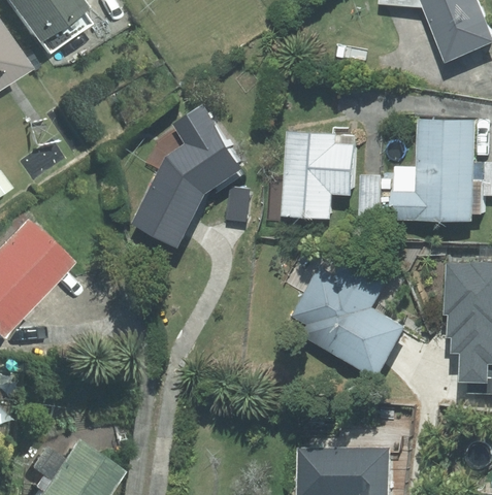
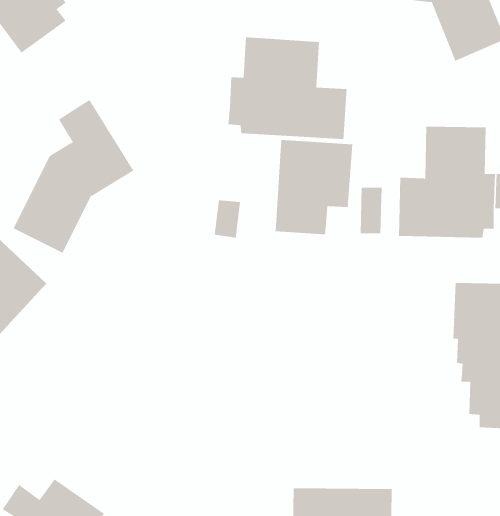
building: none -> [228,37,347,140]
building: [132,105,242,245] -> [13,99,134,253]
building: [291,260,403,376] -> none

